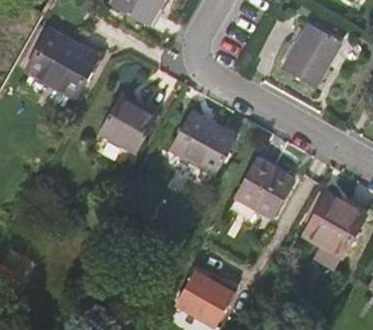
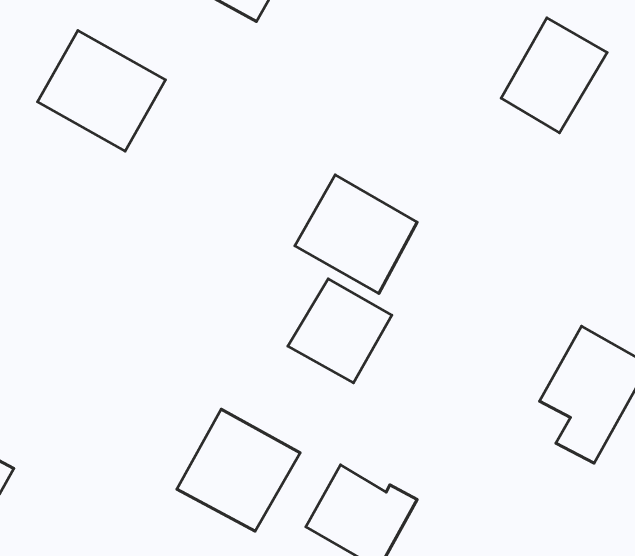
building: [99,94,155,153] -> none
building: [235,159,292,217] -> [288,279,392,383]
building: none -> [177,409,300,531]

